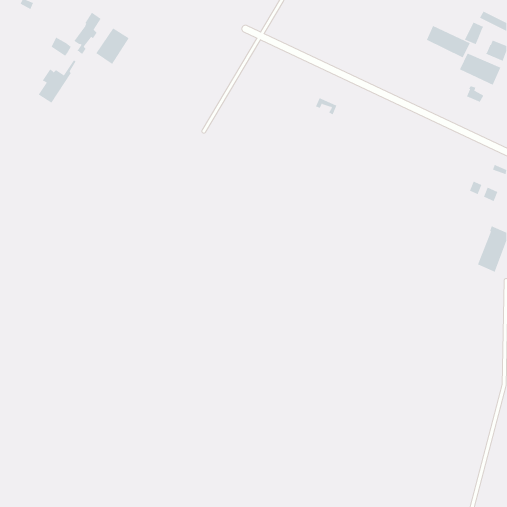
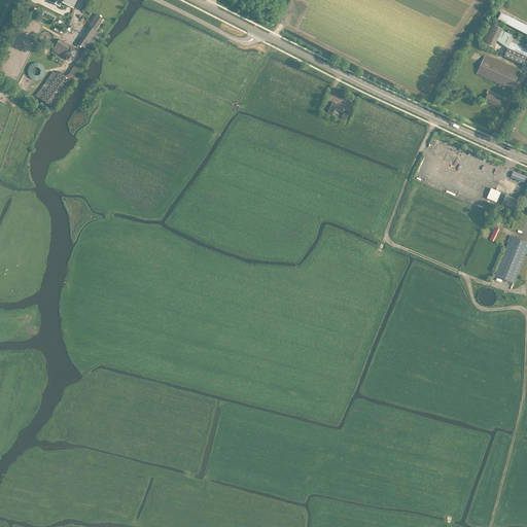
building: [426,25,471,58] -> none
building: [95,27,129,65] -> none

